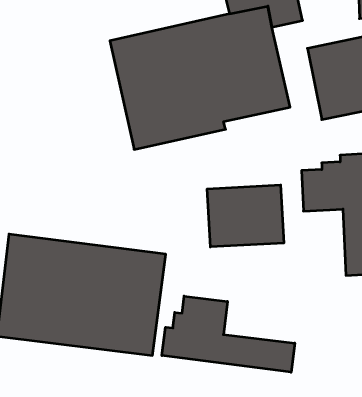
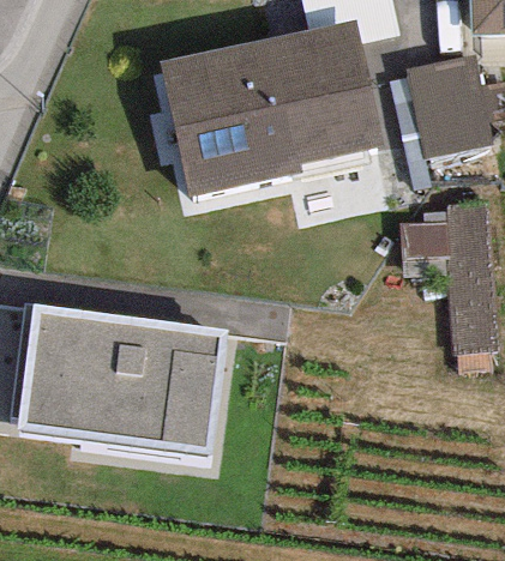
building: [207,185,284,247] -> none
building: [162,296,295,372] -> none

